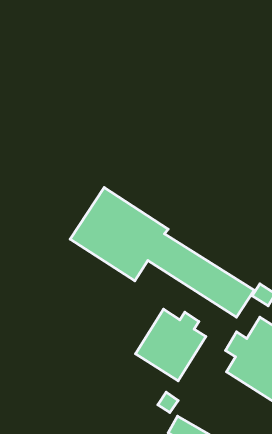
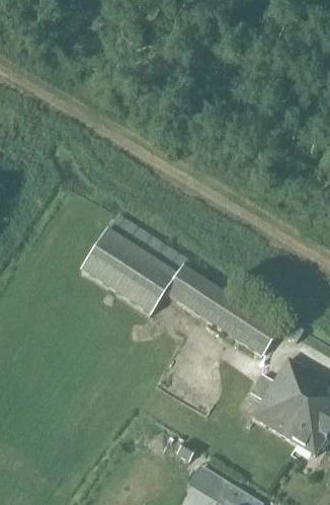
building: [135,309,206,381] -> none

